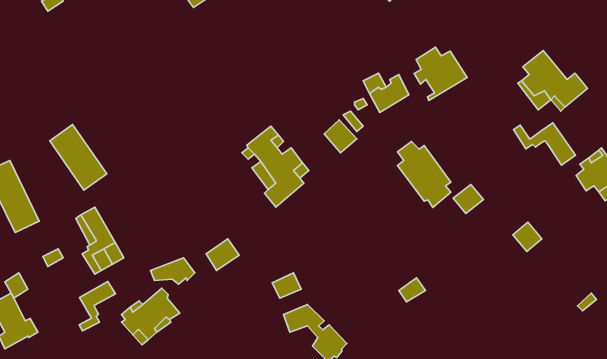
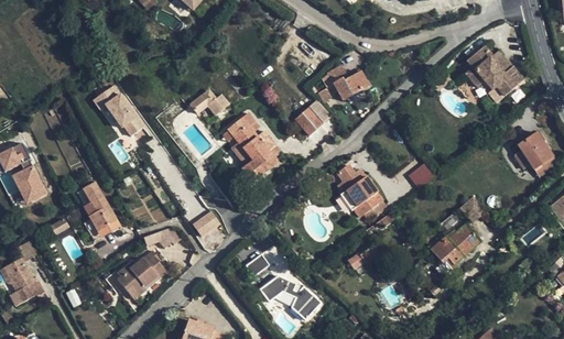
building: [414,47,467,101] -> none
building: none -> [191,90,230,113]
building: [514,123,575,165] -> none
building: [50,124,107,190] -> [96,83,145,140]
building: [398,142,451,207] -> [337,165,383,222]
building: none -> [430,220,480,275]
building: [79,281,115,331] -> none

